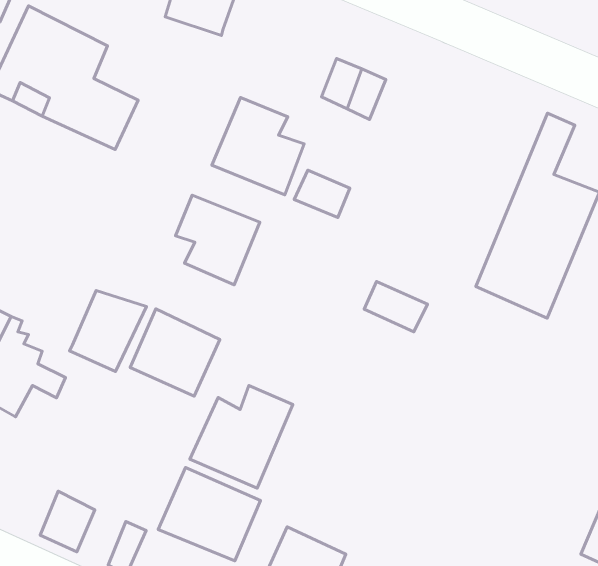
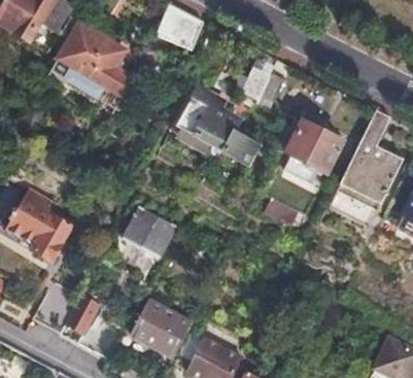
building: none -> [286,119,345,173]
building: [175,195,260,285] -> none
building: [69,290,146,372] -> none
building: [190,385,293,488] -> none

